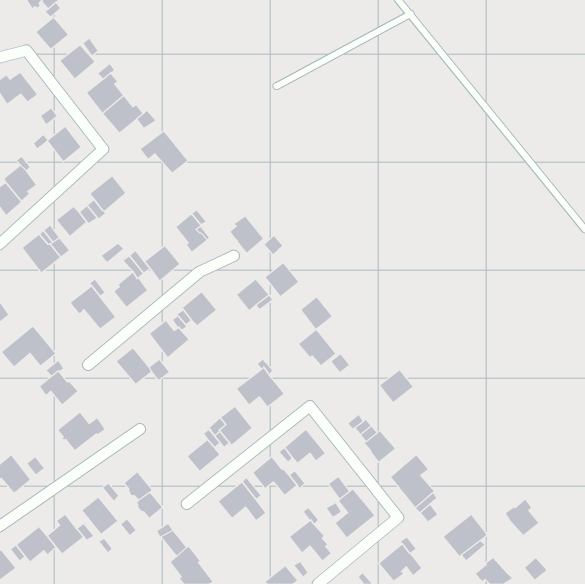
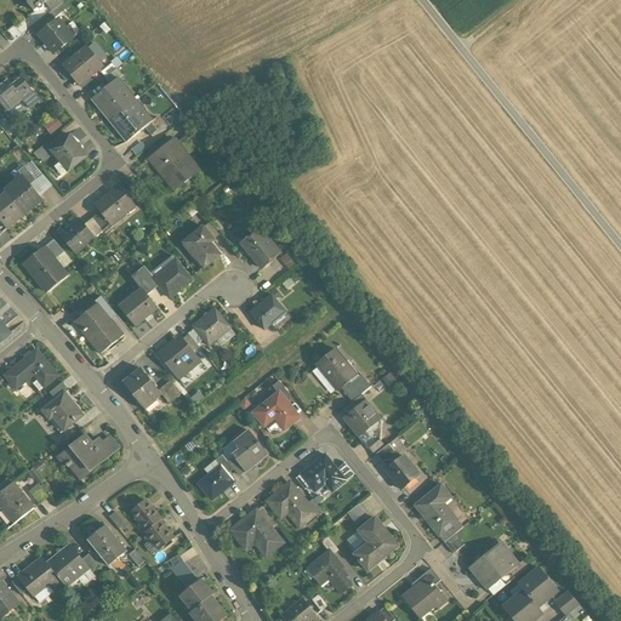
building: [265,262,299,297] -> none
building: [301,297,332,329] -> none
building: [379,369,413,403] -> [343,400,380,435]
building: [505,499,539,535] -> [517,566,553,605]

